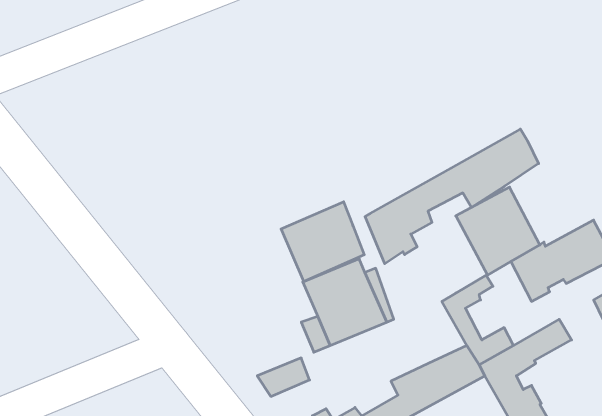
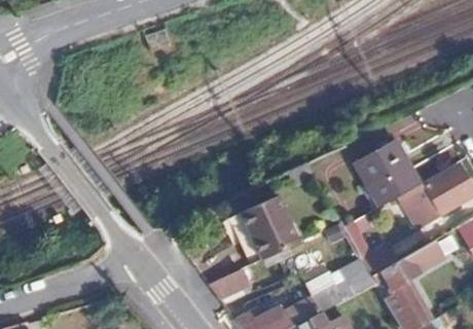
building: [365,129,539,264] -> none
building: [281,202,364,282] -> none

